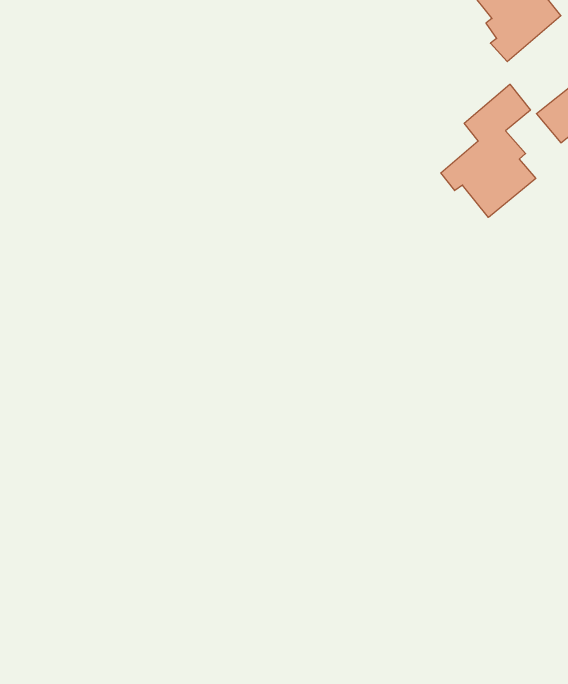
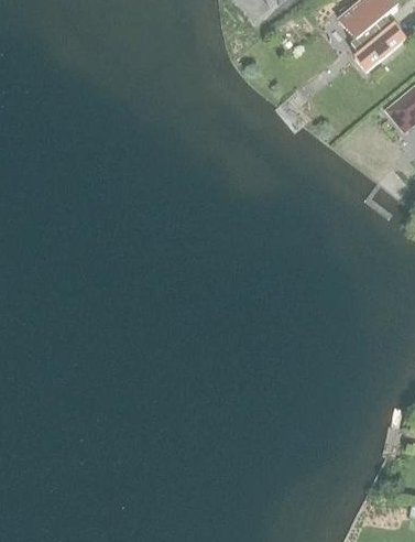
building: [441,84,536,217] -> none

